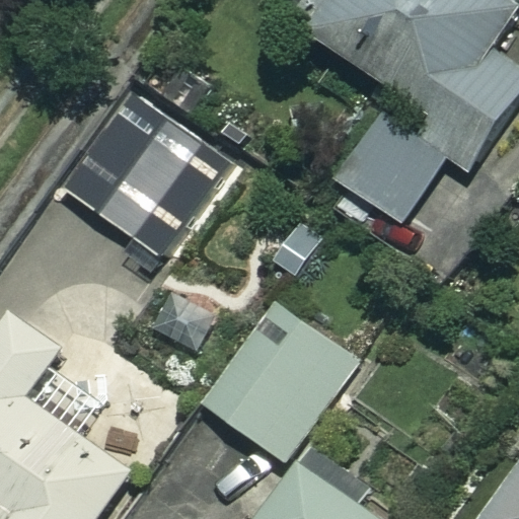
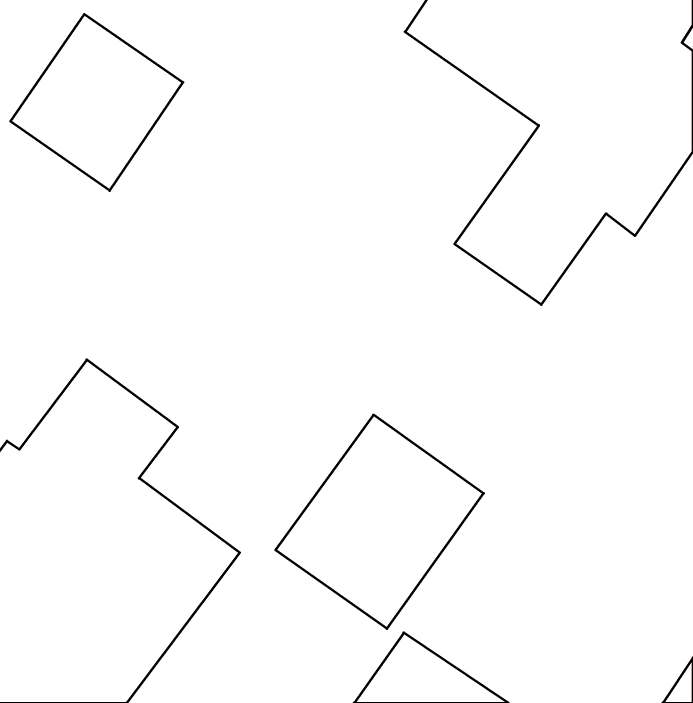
building: none -> [11,14,183,191]
building: [61,98,227,261] -> none

